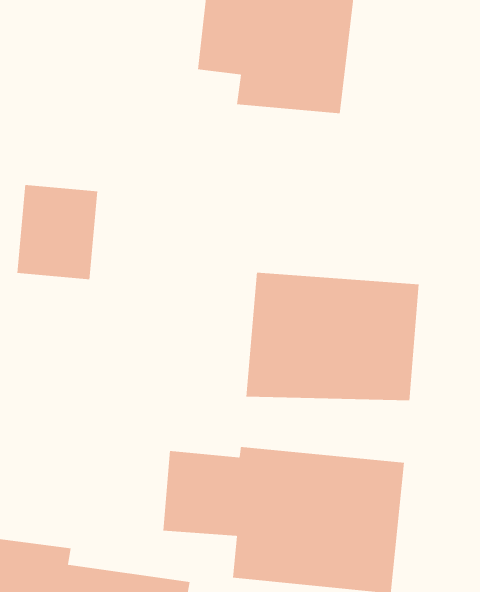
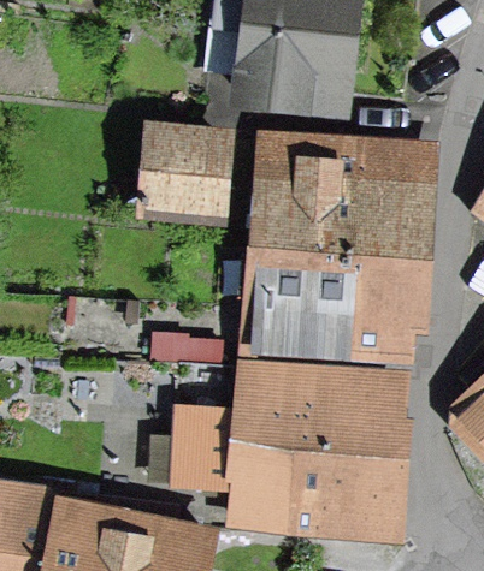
building: none -> [267,135,423,262]
building: [17,185,98,280] -> [154,132,228,218]
building: none -> [253,363,406,422]

